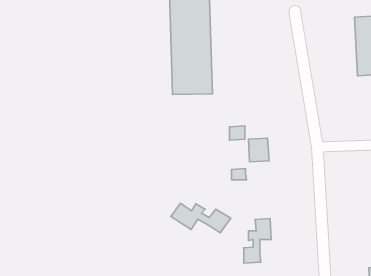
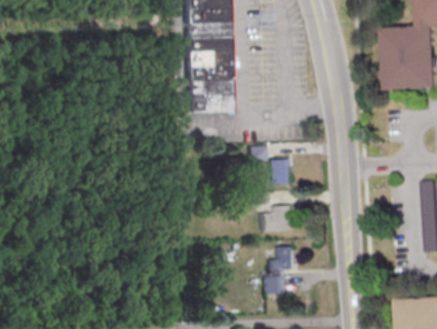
building: none -> [262,205,294,232]
building: [171,203,231,233] -> none

